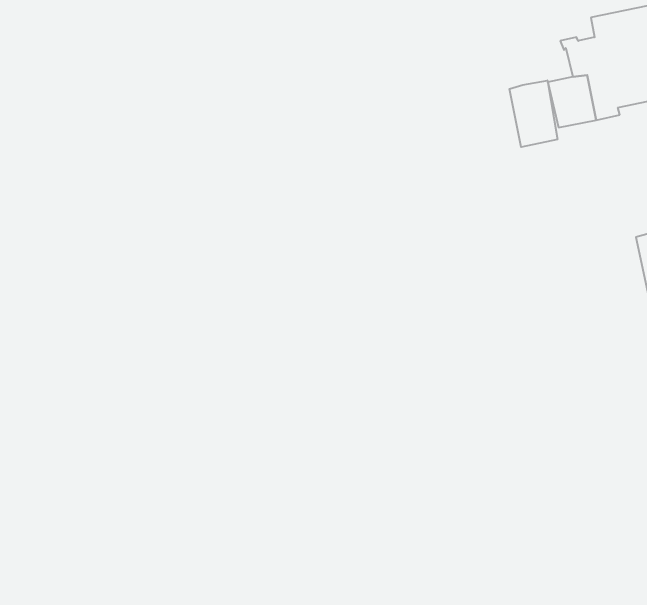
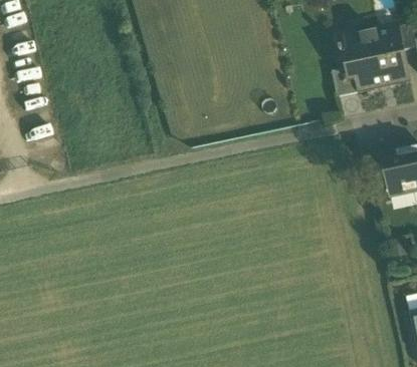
building: [509,80,557,147] -> none

